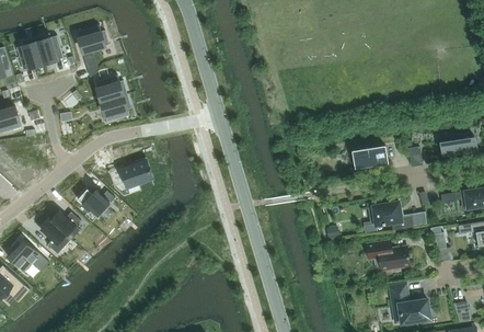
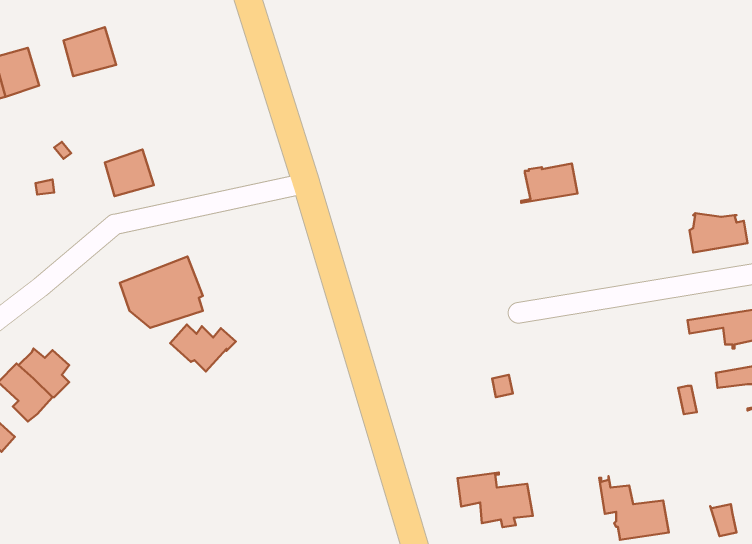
building: [94,76,123,103] -> none
building: [355,147,388,170] -> [521,163,578,203]
building: [77,188,115,216] -> [170,324,236,371]
building: [372,203,413,231] -> none
building: [366,241,410,273] -> [458,473,533,527]

